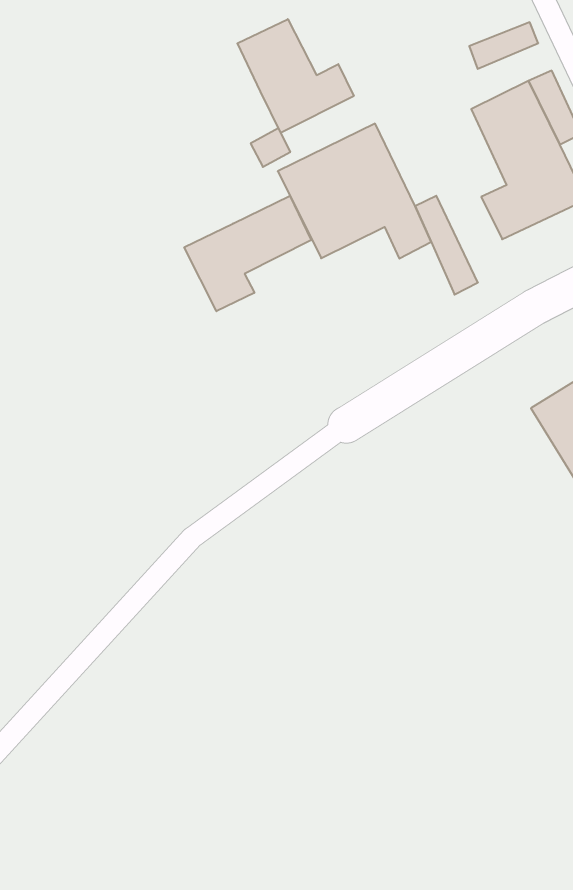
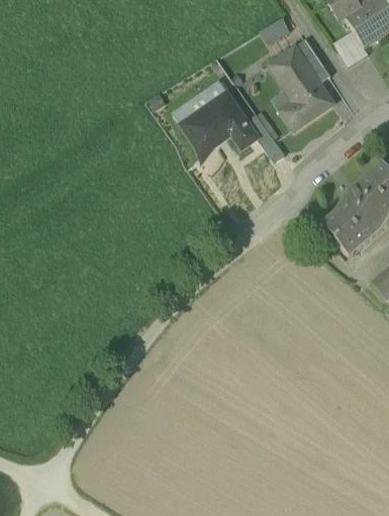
building: [237,19,354,133] -> none
building: [184,196,311,311] -> none

